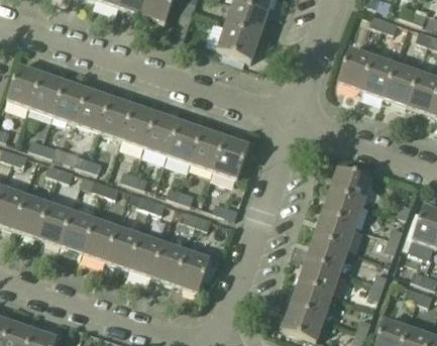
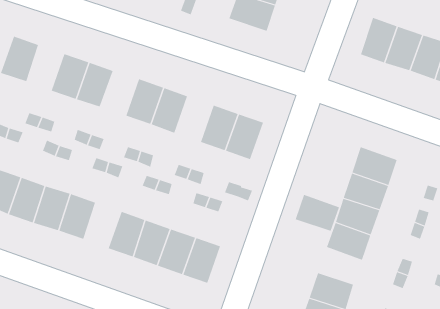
building: [31,73,66,115] -> none
building: [99,97,134,138] -> none
building: [168,120,203,162] -> none
building: [84,218,118,260] -> none
building: [299,259,340,294] -> [295,194,340,231]

